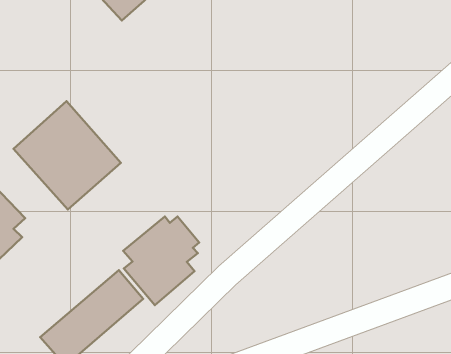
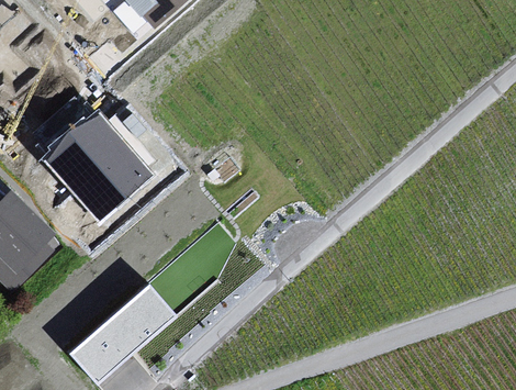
building: [123,216,199,305] -> none

